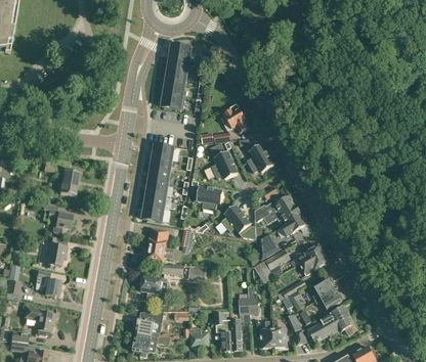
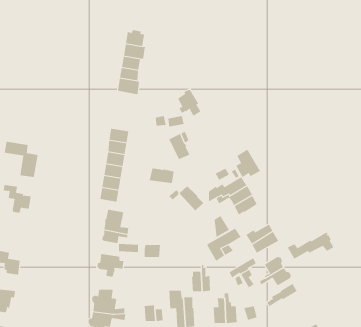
building: [246,142,272,172] -> [235,149,261,178]
building: [46,236,67,267] -> none
building: [307,313,356,342] -> [287,232,334,259]

